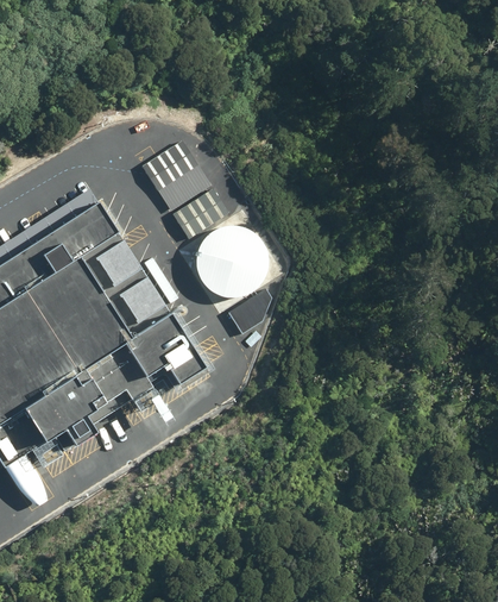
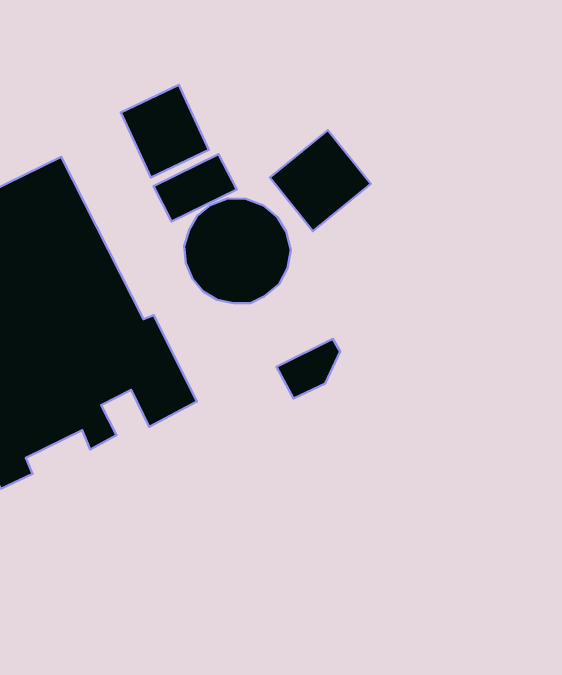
building: none -> [270,130,371,231]
building: [226,289,270,334] -> [277,339,340,399]

